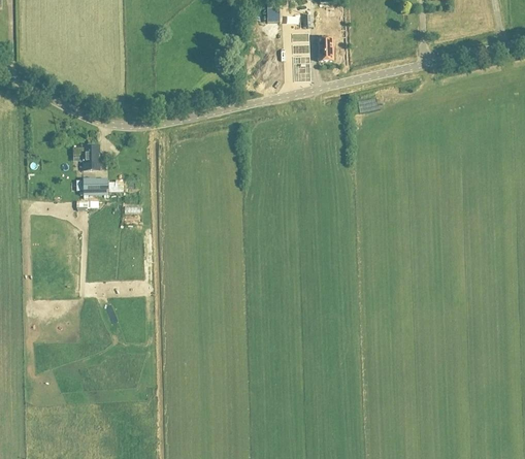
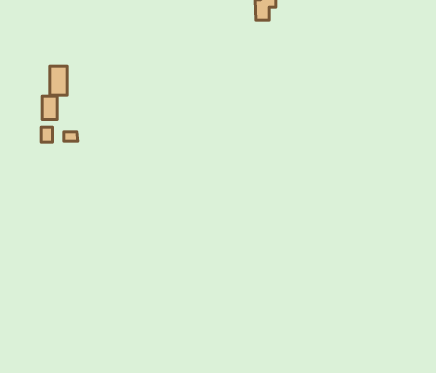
building: none -> [50,66,67,95]

